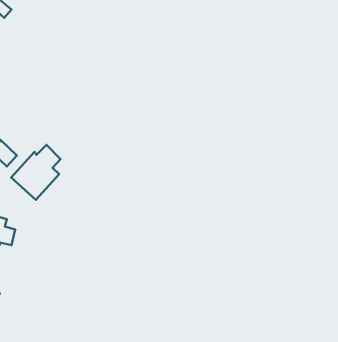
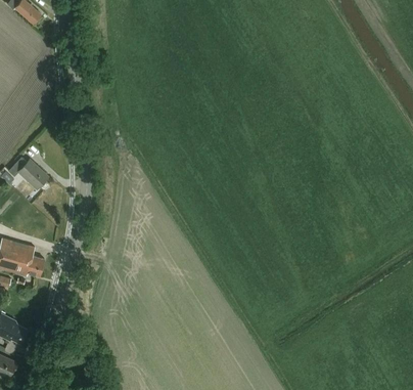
building: [11,145,61,200] -> none

